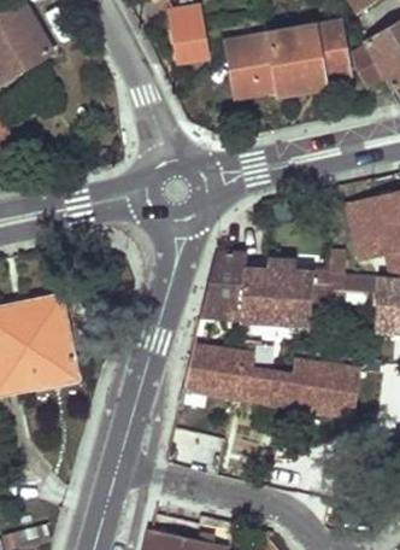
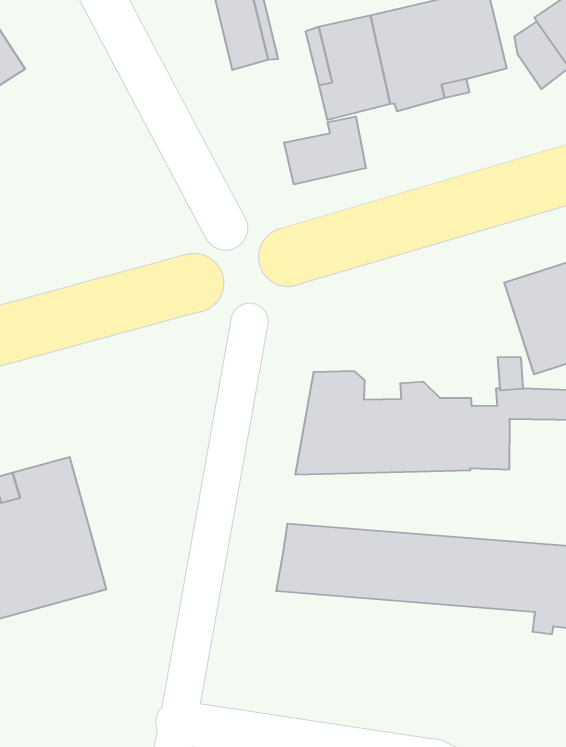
building: none -> [284,116,366,184]

